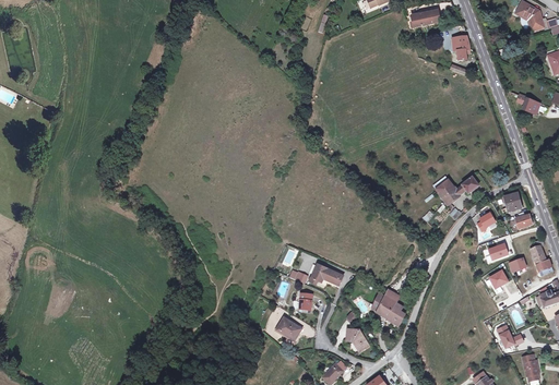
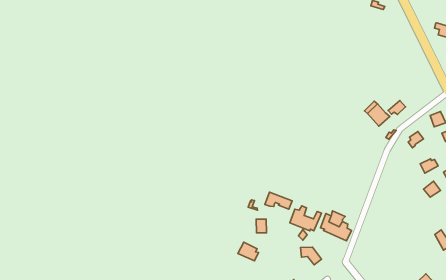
building: none -> [290,206,322,231]

